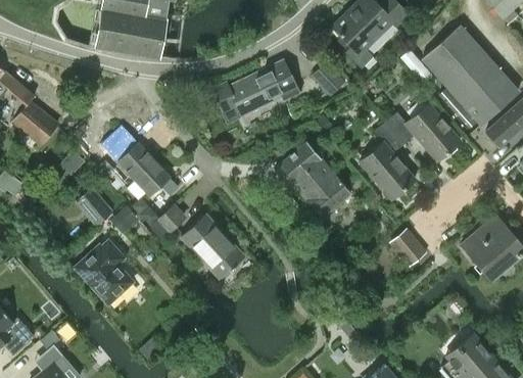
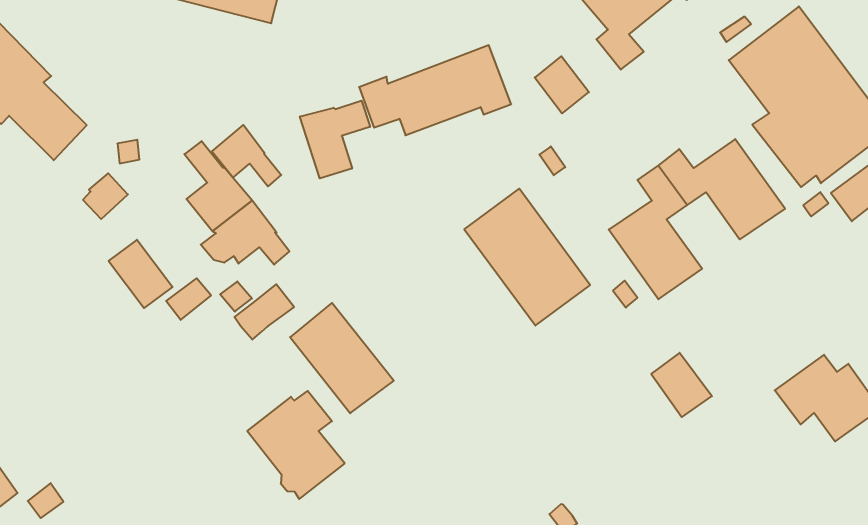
building: none -> [300,101,370,178]
building: none -> [212,125,281,186]
building: [77,242,134,304] -> [247,391,345,499]

